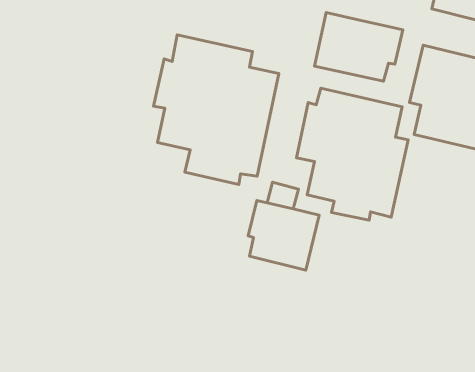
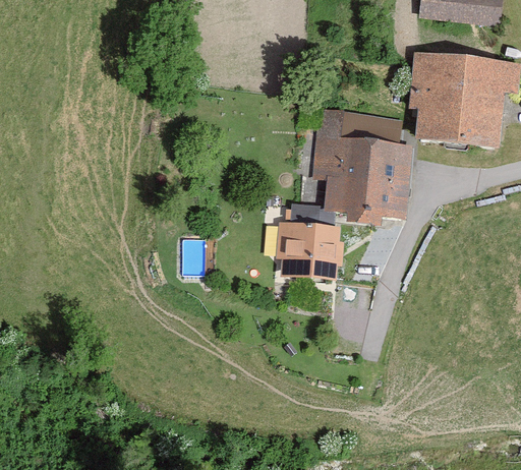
building: [315,12,403,81] -> none
building: [153,35,279,185] -> none

